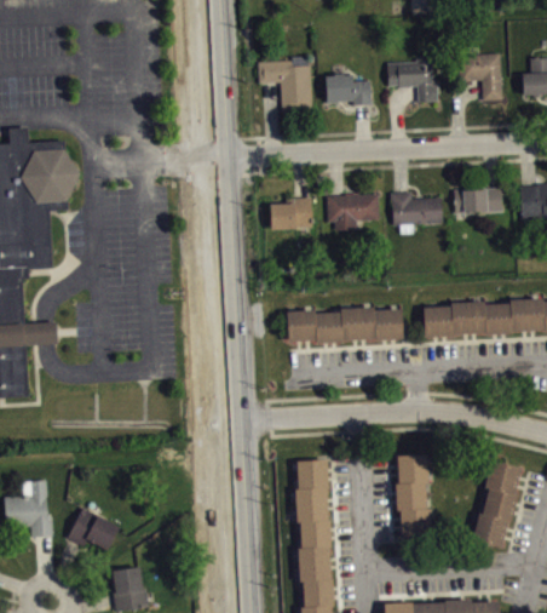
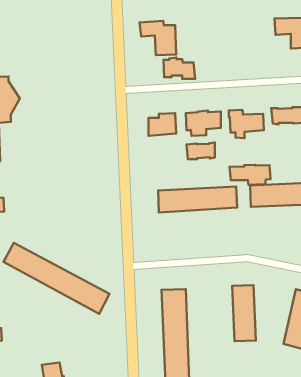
building: [387,59,433,88] -> none
building: [326,74,373,105] -> [163,58,195,79]
building: none -> [187,143,215,159]
building: none -> [229,165,270,185]
building: none -> [3,243,110,314]
building: [68,508,119,551] -> none

